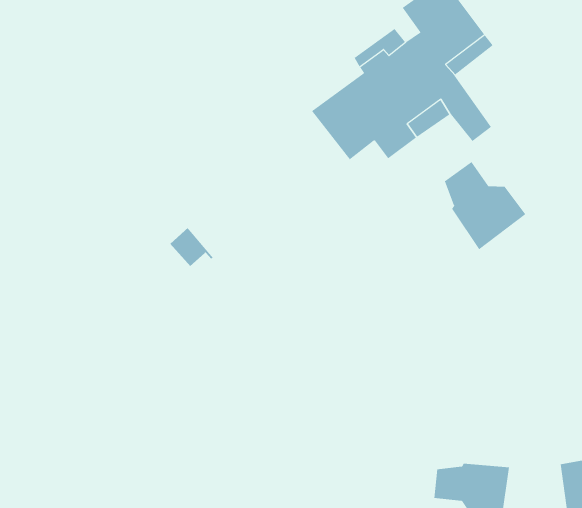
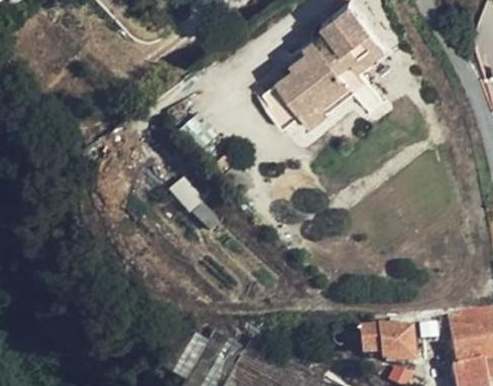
building: [444,161,526,250] -> none

